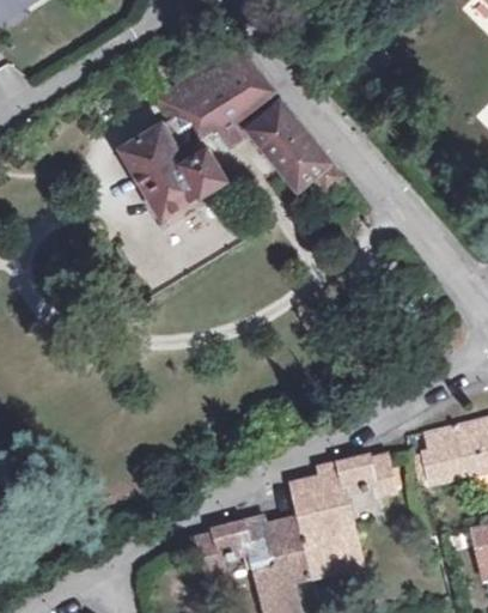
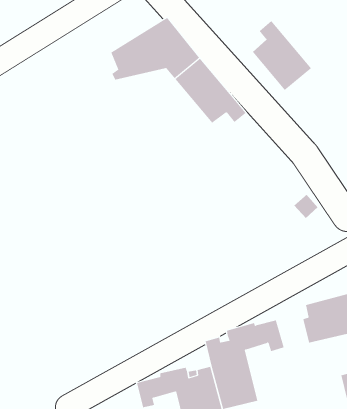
building: none -> [252,20,312,91]
building: [121,125,226,219] -> none

